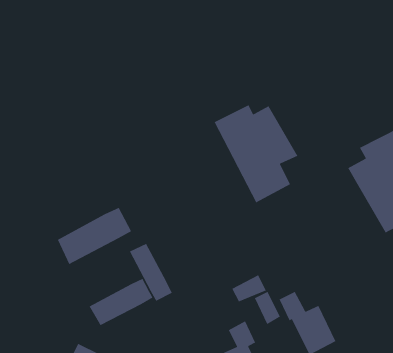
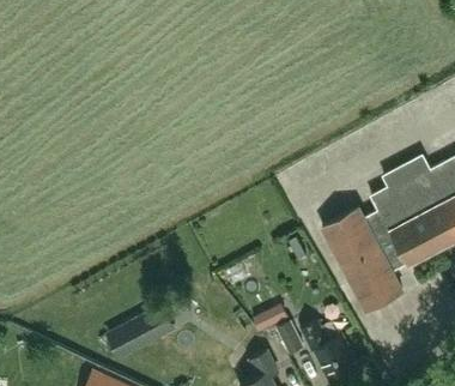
building: [213,104,298,203] -> [322,210,408,310]
building: [57,207,132,265] -> none
building: [129,243,173,302] -> none

